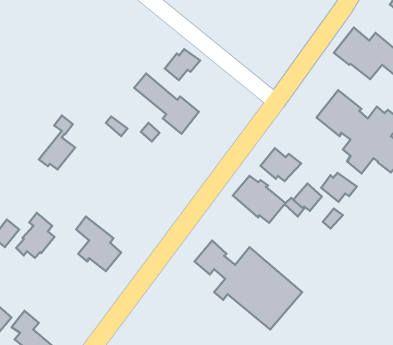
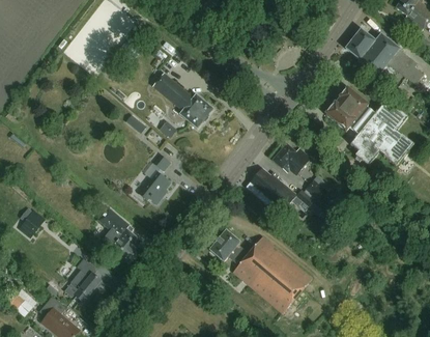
building: [165,49,200,80] -> none
building: [39,116,75,169] -> [139,152,173,203]
building: [321,173,357,202] -> none
building: [16,213,54,258] -> [64,256,101,299]

